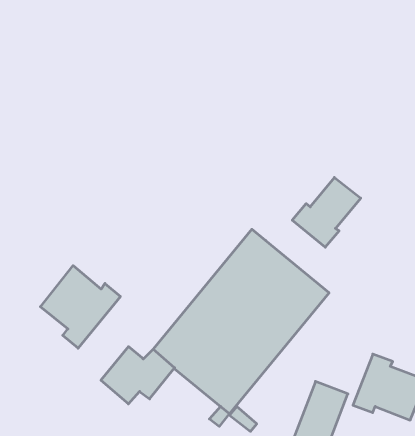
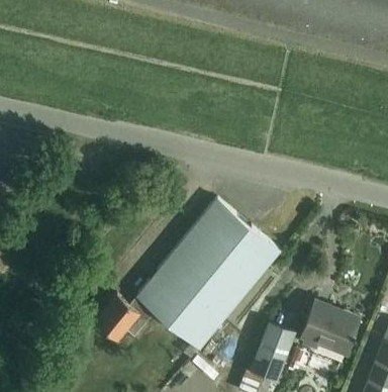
building: [292,177,361,247] -> none
building: [40,266,120,348] -> none

